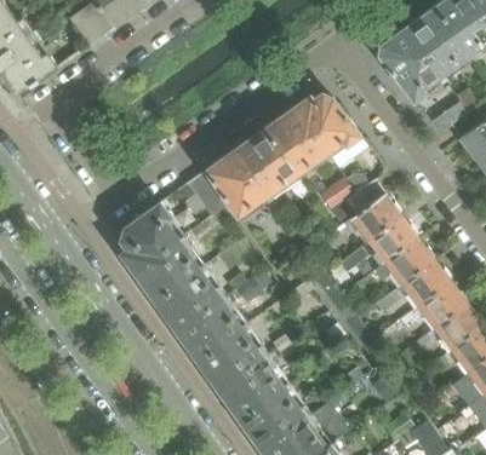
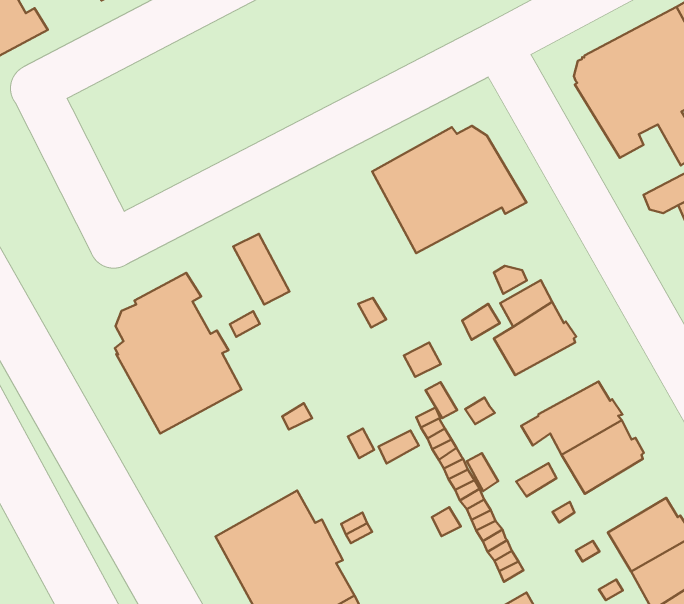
building: [205,128,297,218] -> none
building: [366,217,417,263] -> none
building: [155,270,242,361] -> none
building: [417,282,467,329] -> none

